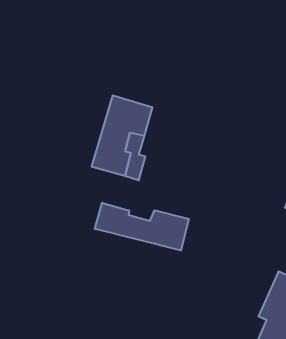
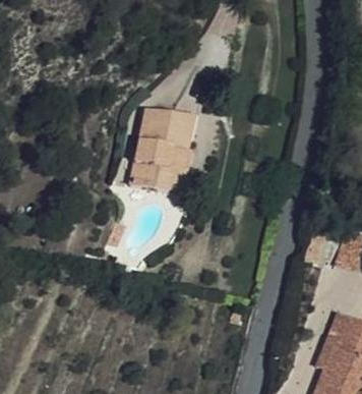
building: [95,203,189,250] -> none

